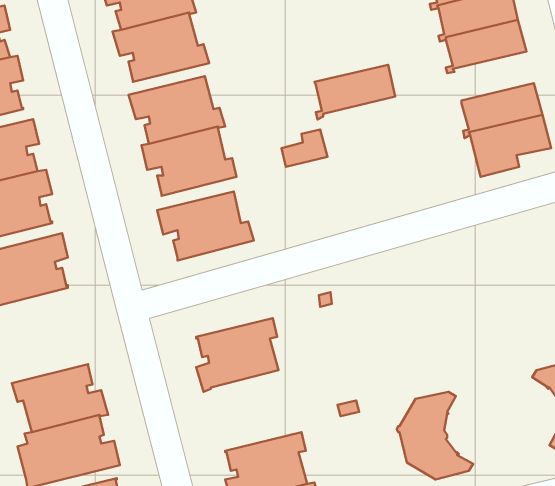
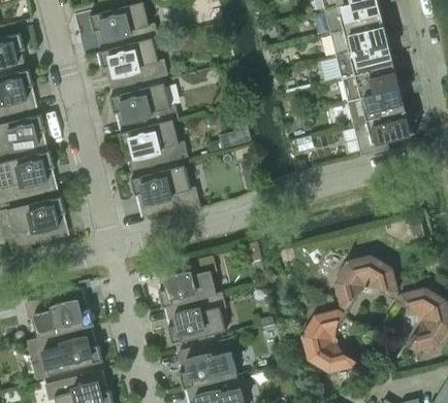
building: [315,65,395,119] -> [341,66,398,105]
building: none -> [333,256,397,309]
building: none -> [166,293,225,345]

